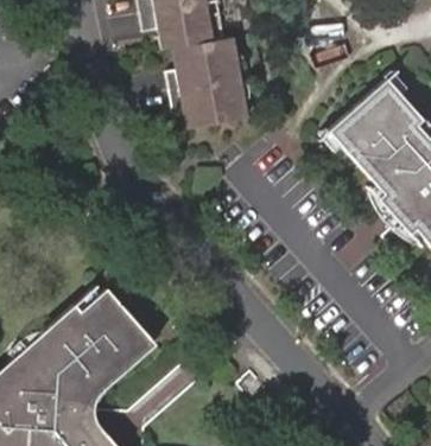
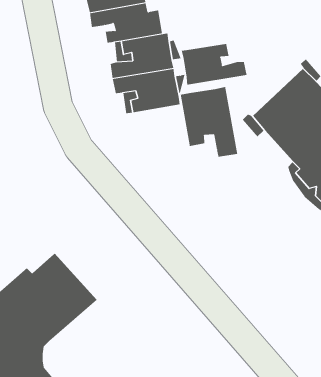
building: none -> [181,43,247,86]
building: none -> [180,86,238,158]

